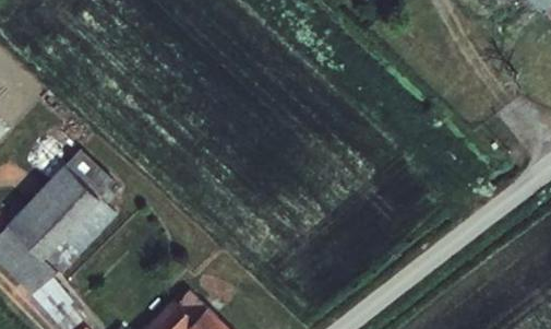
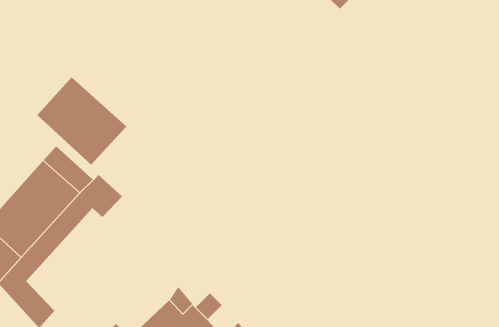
building: none -> [36,76,127,166]

